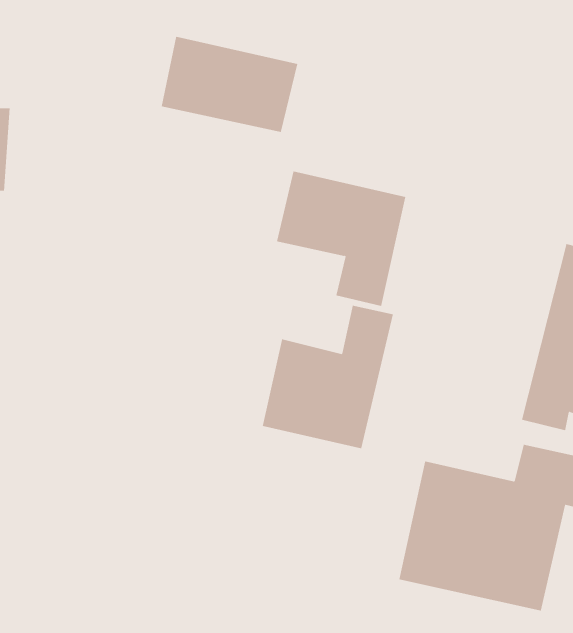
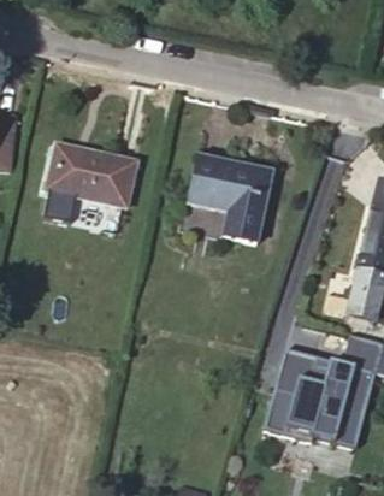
building: [161,36,298,133] -> [47,143,136,206]
building: [262,305,394,449] -> none

